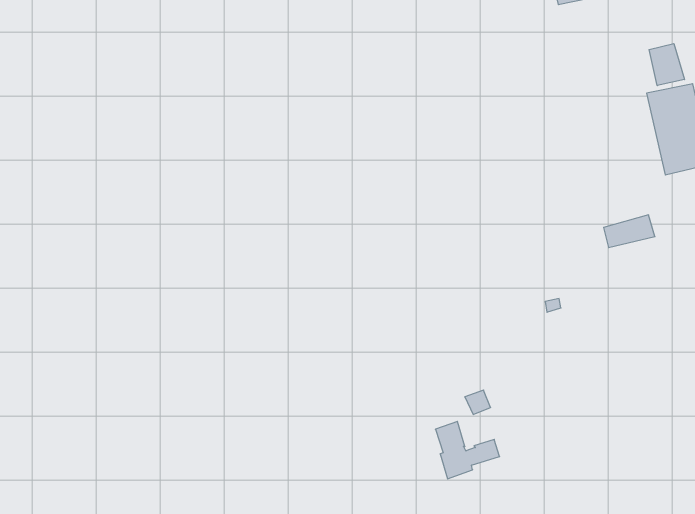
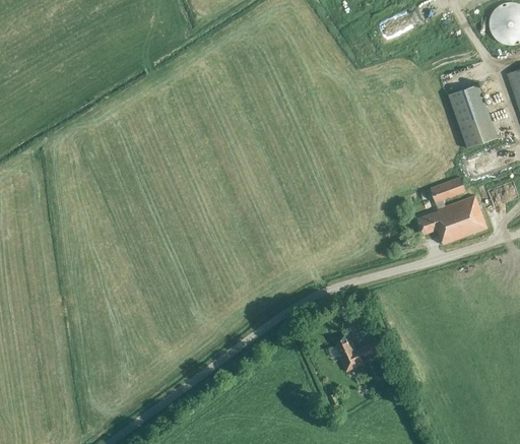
building: [649,44,684,86] -> none
building: none -> [417,195,486,244]

